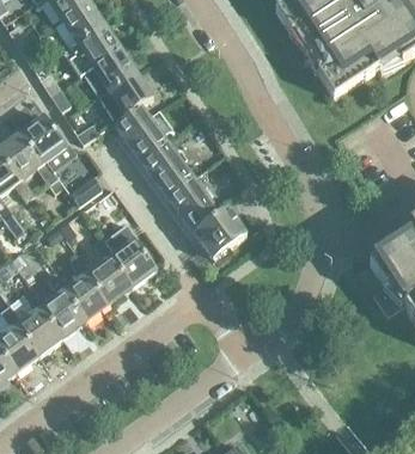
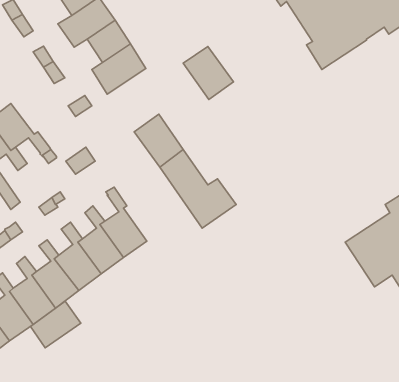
building: [115,106,166,160] -> [183,47,234,99]
building: [16,114,79,165] -> none
building: none -> [30,301,81,348]

